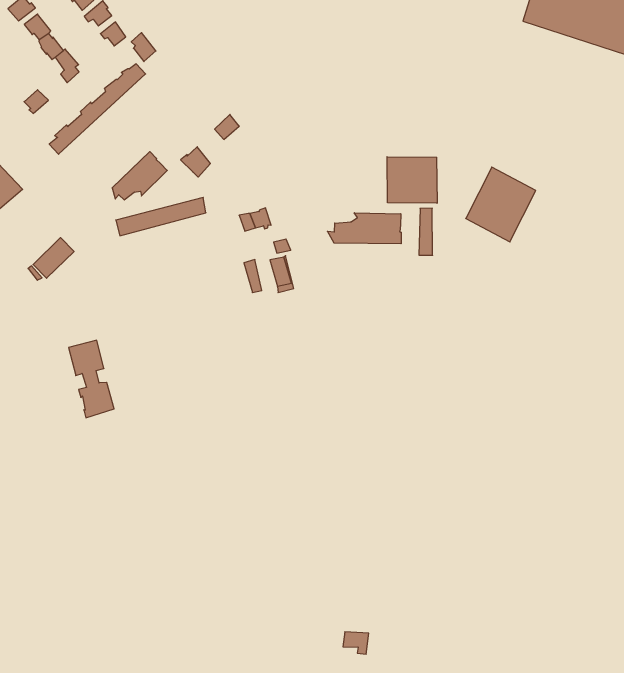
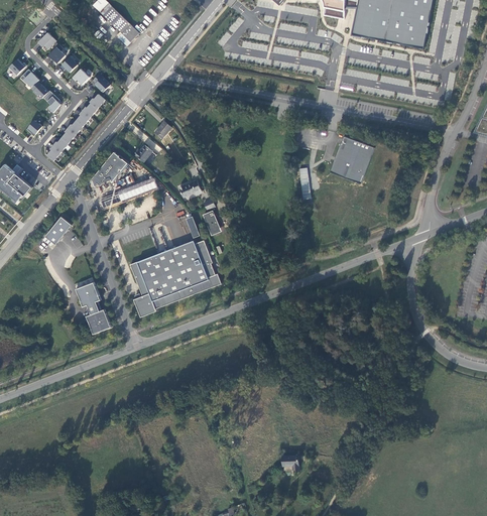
building: [387,157,437,203] -> none
building: [327,213,401,244] -> none
building: none -> [130,239,221,316]

